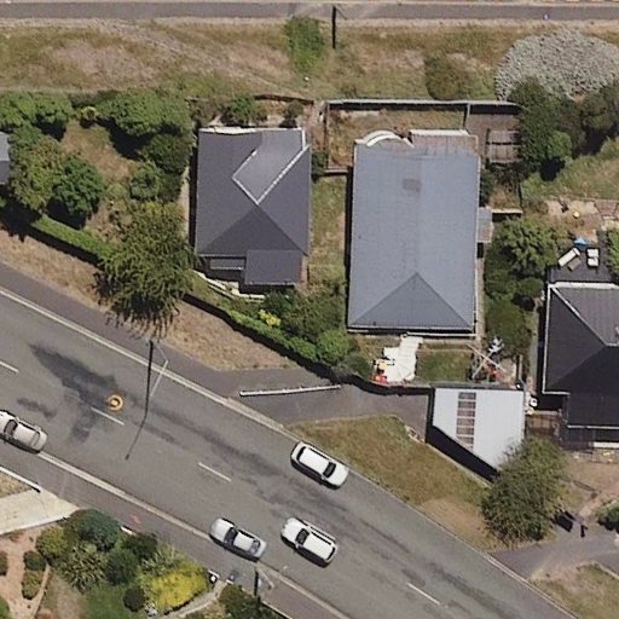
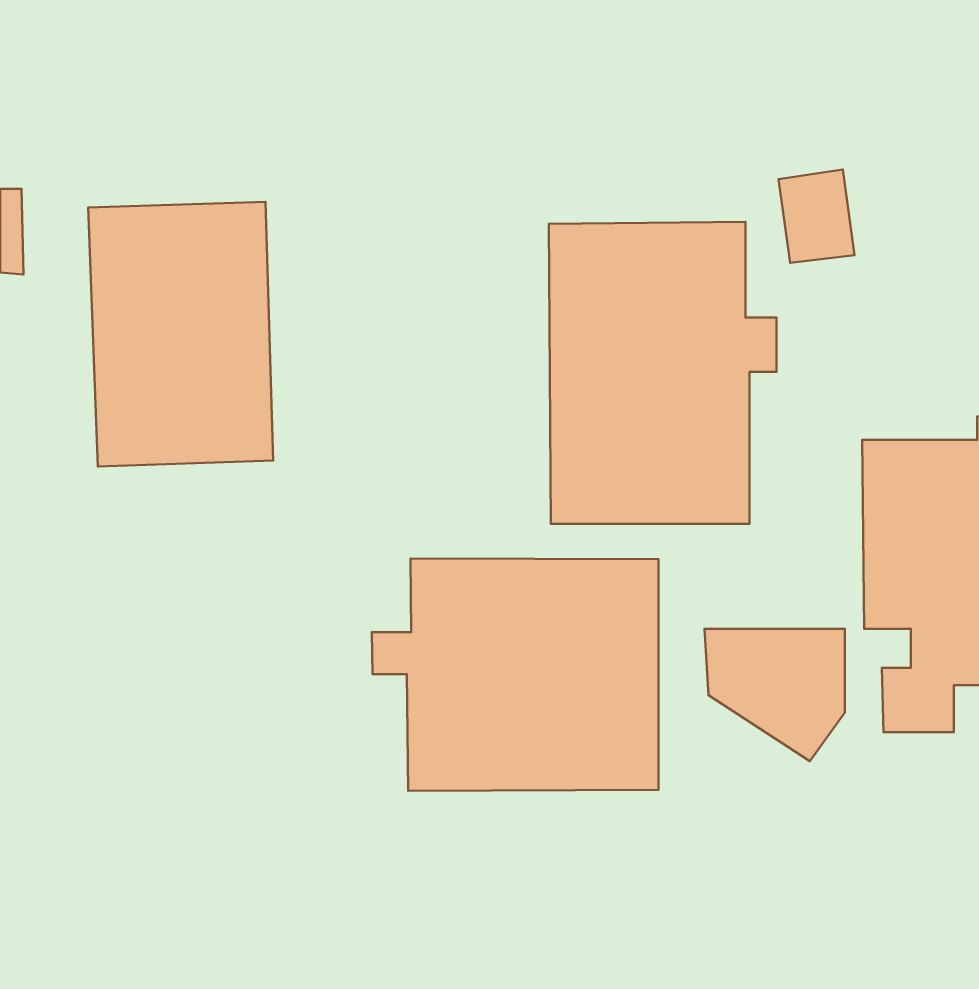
building: [193,121,308,285] -> [88,202,273,466]
building: none -> [372,559,659,791]

